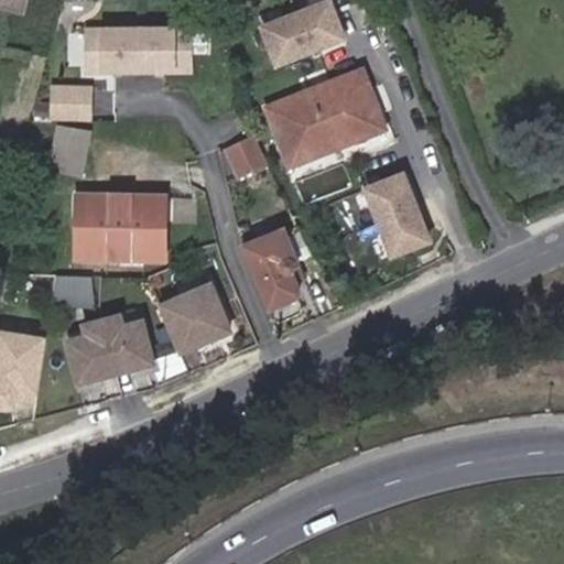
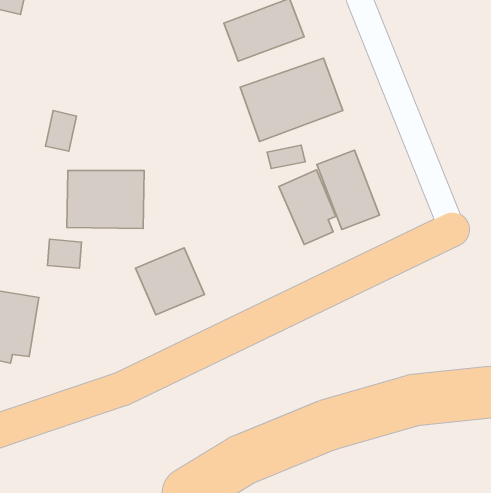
building: [80,25,191,75] -> none
building: [45,84,91,121] -> none
building: [219,134,265,181] -> none
building: [239,228,304,313] -> [279,170,336,245]
building: [62,313,155,389] -> none

